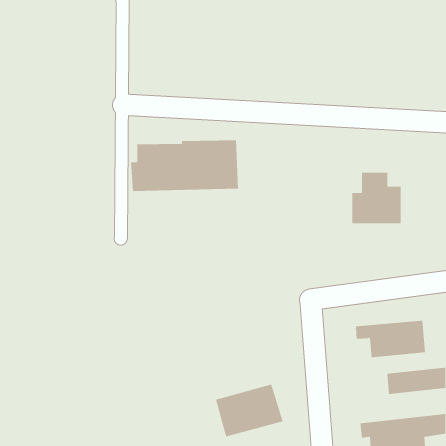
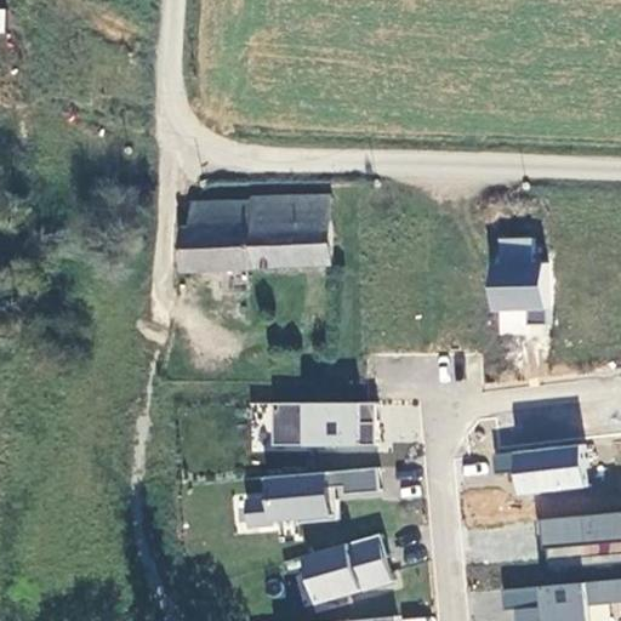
building: none -> [272,401,377,445]
building: none -> [244,468,383,529]

